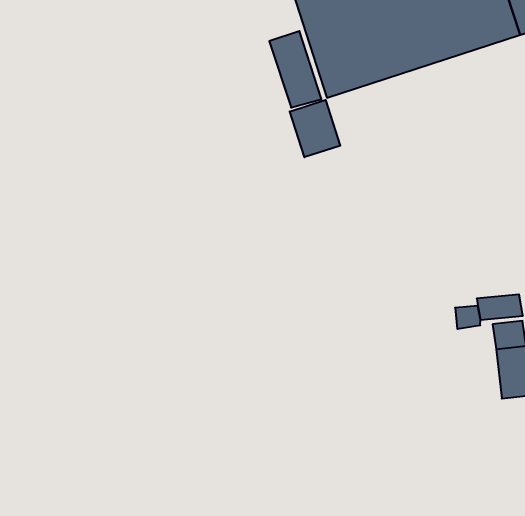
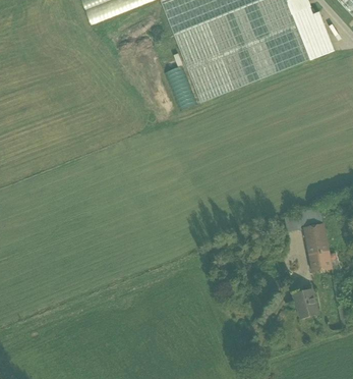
building: [290,100,340,157] -> none
building: none -> [293,288,318,318]

